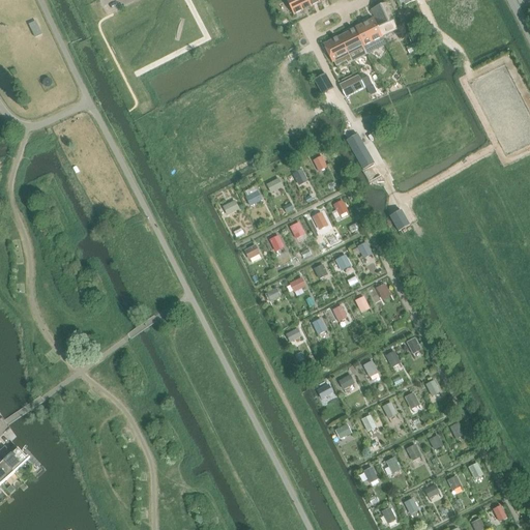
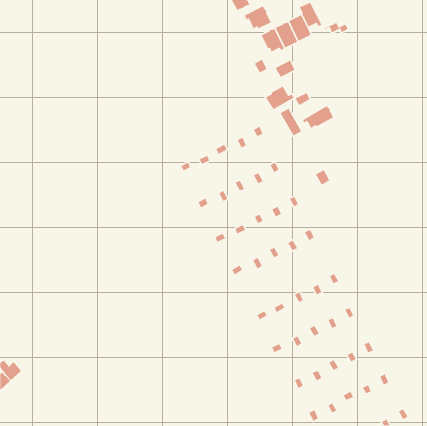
building: none -> [244,5,272,29]
building: none -> [265,85,295,110]
building: none -> [302,105,334,129]

